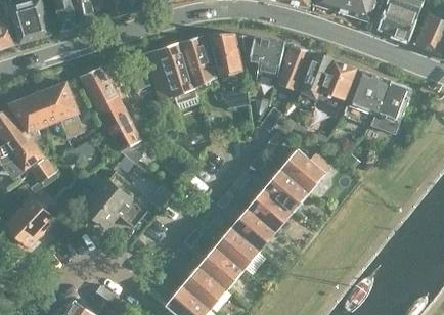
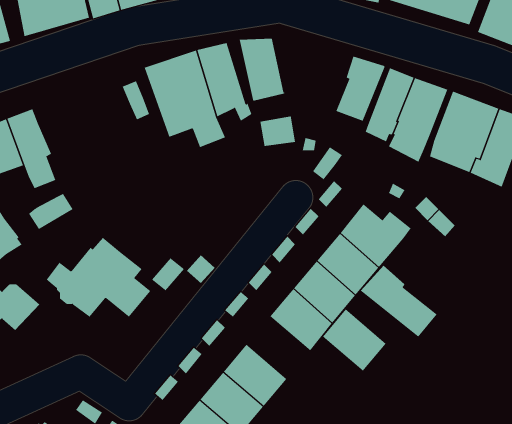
building: [241,35,284,76] -> none
building: [80,66,144,163] -> none
building: none -> [360,265,437,337]
building: [215,226,260,270] -> [322,309,387,372]

